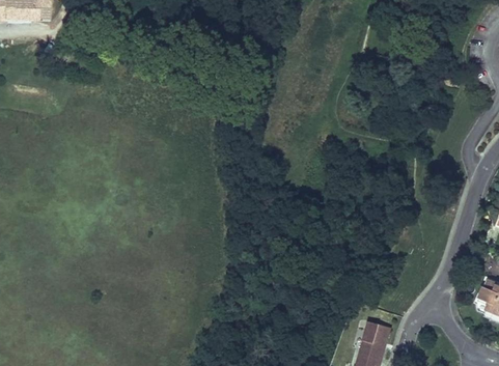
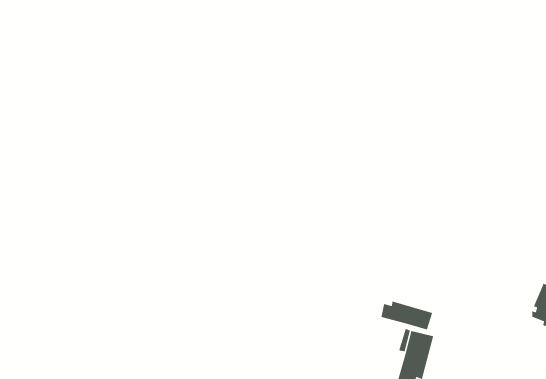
building: none -> [380,300,433,331]

